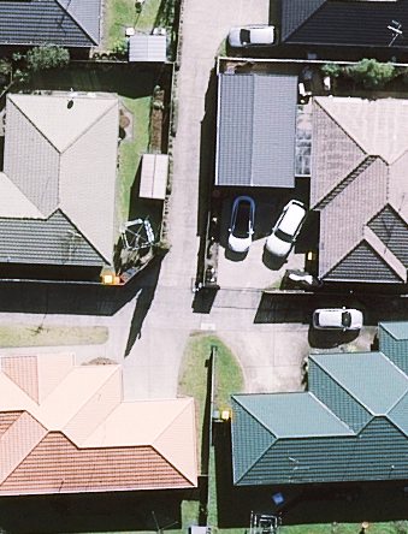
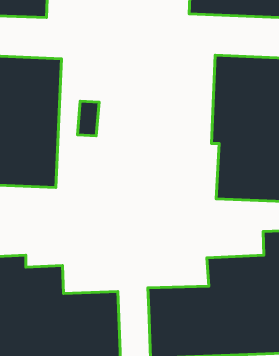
building: [214,73,296,186] -> none

